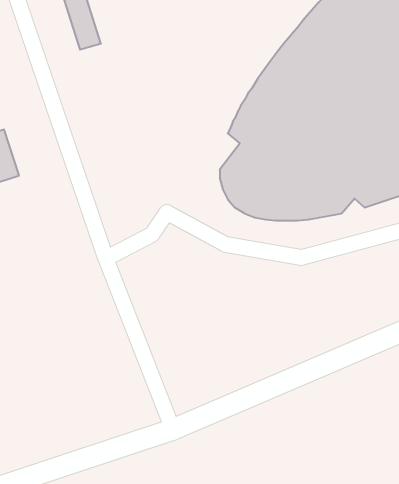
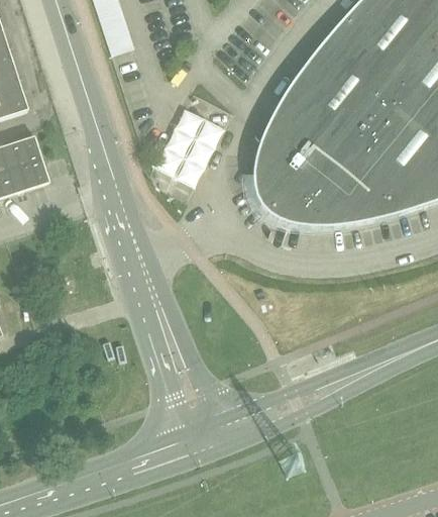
building: none -> [160,107,231,187]

